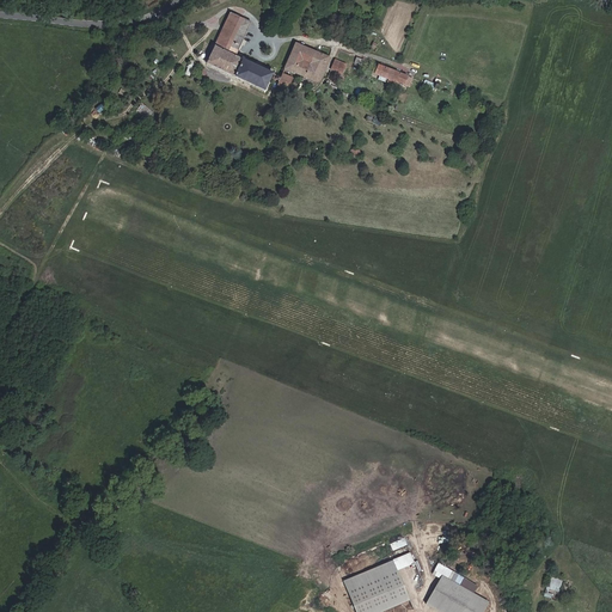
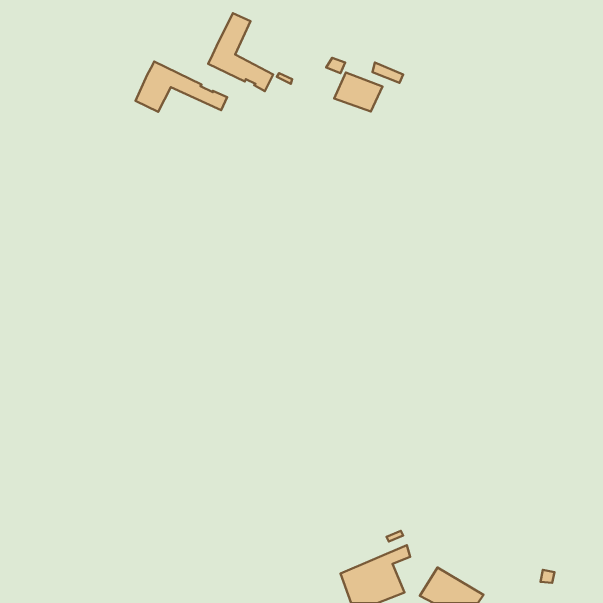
building: [283,42,332,81] -> [334,72,383,111]
building: none -> [135,62,227,112]

